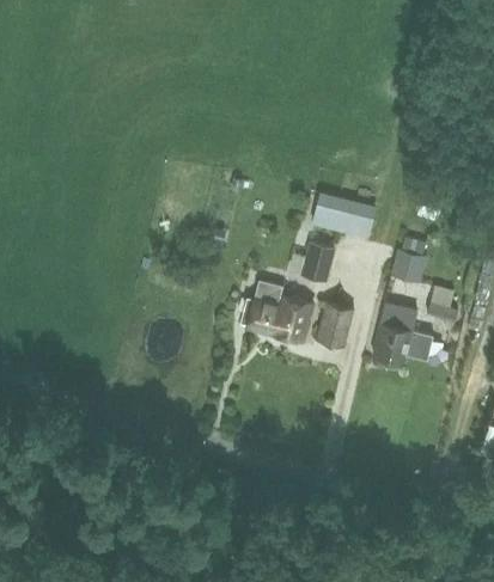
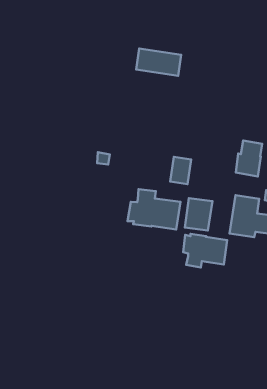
building: [311,195,373,237] -> [136,48,181,76]
building: none -> [183,234,227,268]

